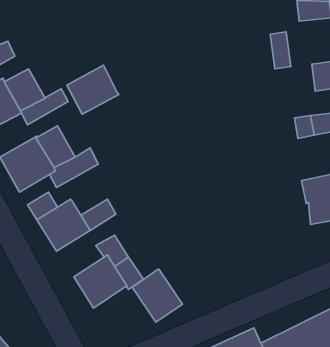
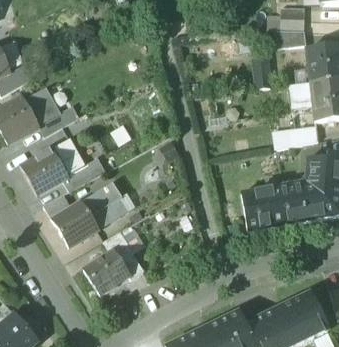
building: [67,65,119,114] -> none
building: none -> [82,182,121,215]
building: none -> [241,185,288,230]
building: [132,269,183,322] -> none

